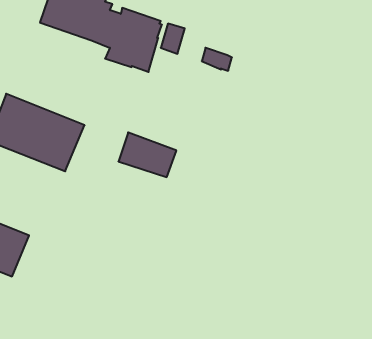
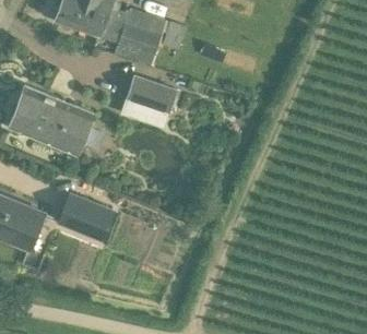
building: [118,132,176,177] -> [125,73,177,114]
building: none -> [57,192,116,242]

